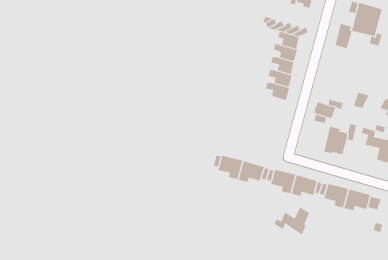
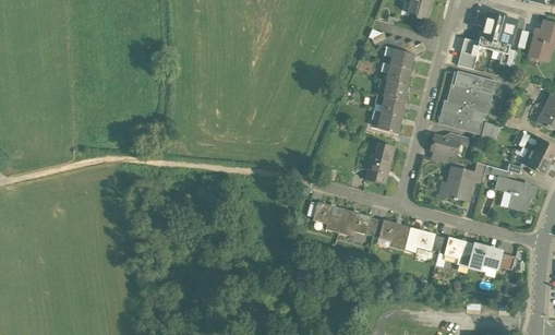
building: none -> [438,71,496,132]
building: none -> [369,142,394,183]
building: [274,207,310,235] -> none

